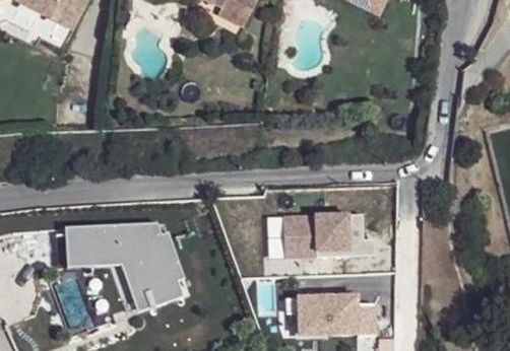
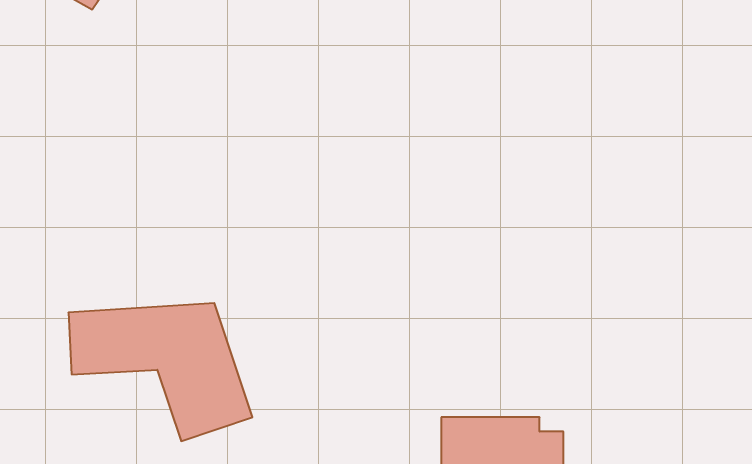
building: [283,213,375,257] -> none

